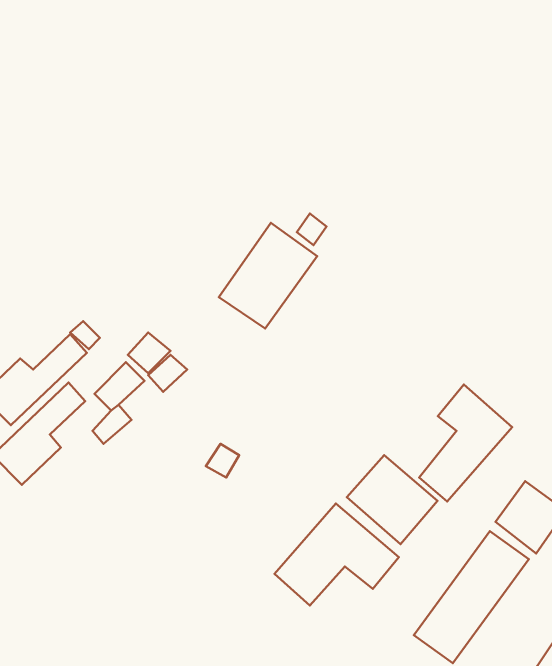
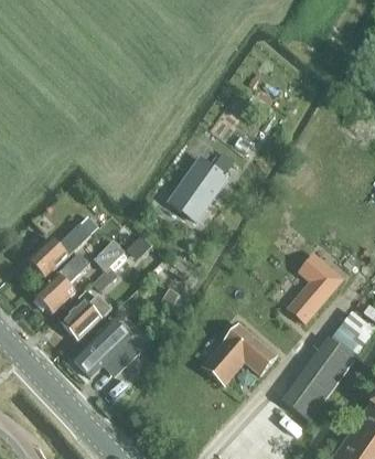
building: none -> [61,295,112,341]
building: [347,455,438,544] -> none
building: none -> [72,319,139,376]

